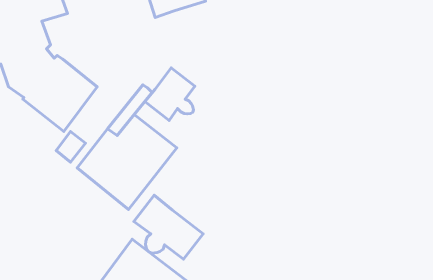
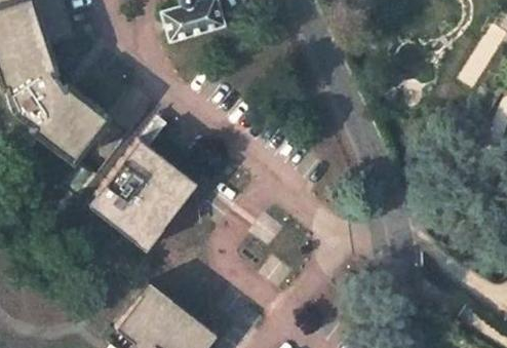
building: [145,68,195,120] -> none
building: [134,195,203,259] -> none

